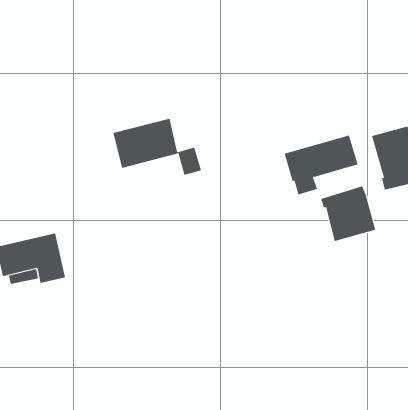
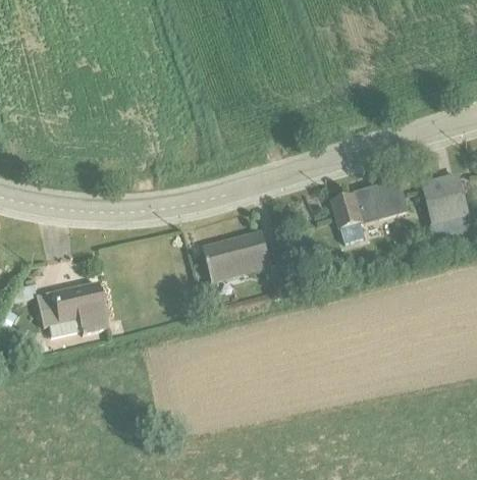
building: [112,118,202,176] -> [204,230,296,289]
building: [320,186,376,242] -> none

